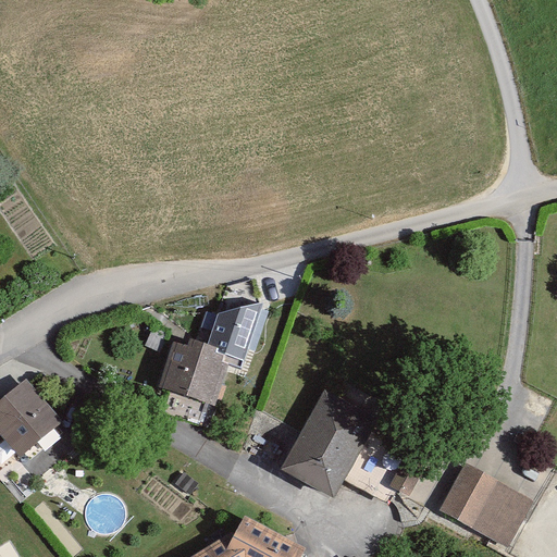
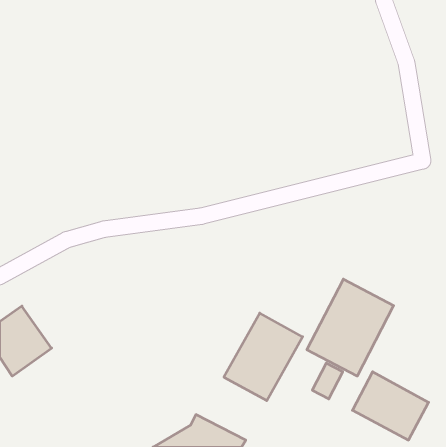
building: [157,302,263,407] -> none
building: none -> [307,279,394,376]

